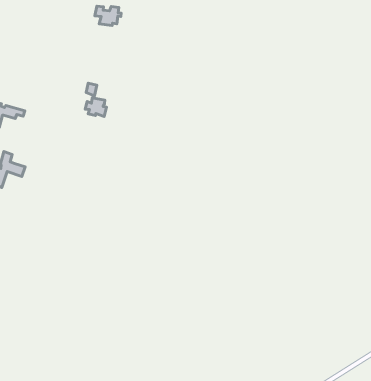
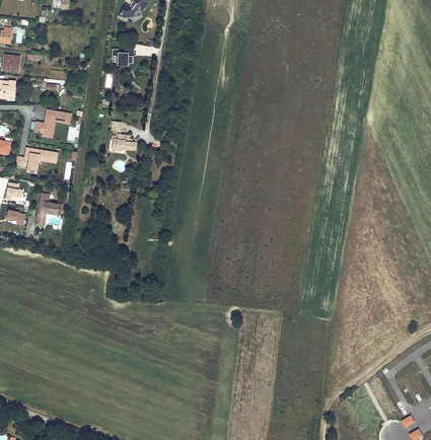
building: none -> [35,109,71,137]

